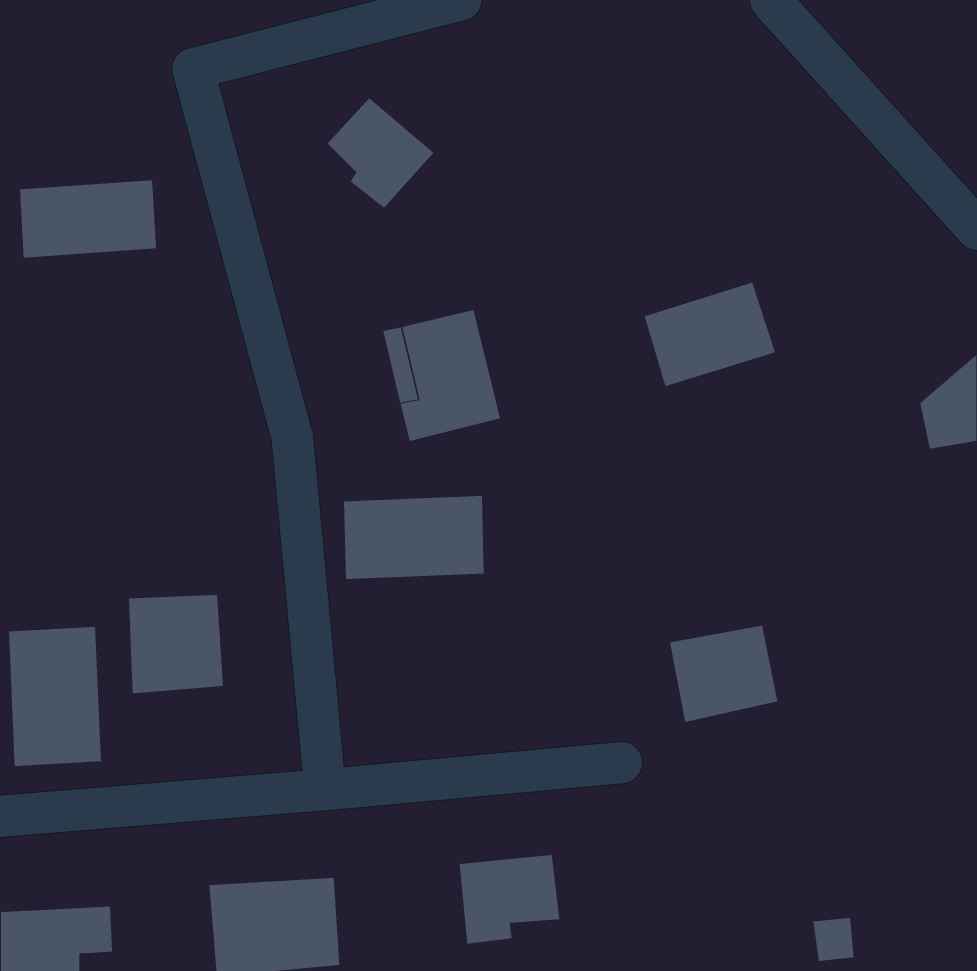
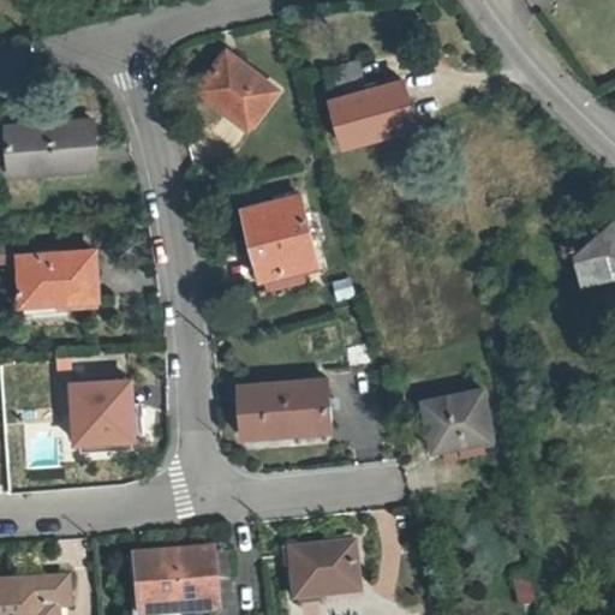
building: [644,282,776,387] -> [333,83,416,149]
building: none -> [20,247,98,304]
building: [343,495,485,580] -> [234,384,323,437]
building: [8,626,101,767] -> none

